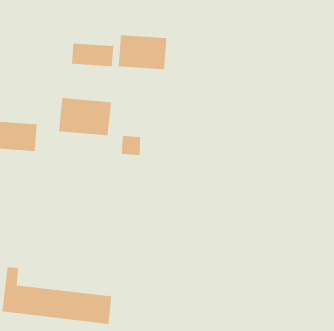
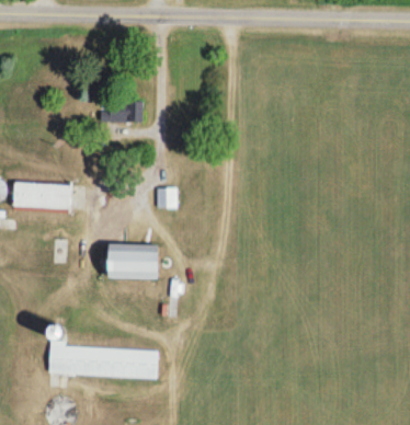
building: [118,34,167,70] -> none
building: [58,98,112,136] -> [106,243,158,278]

